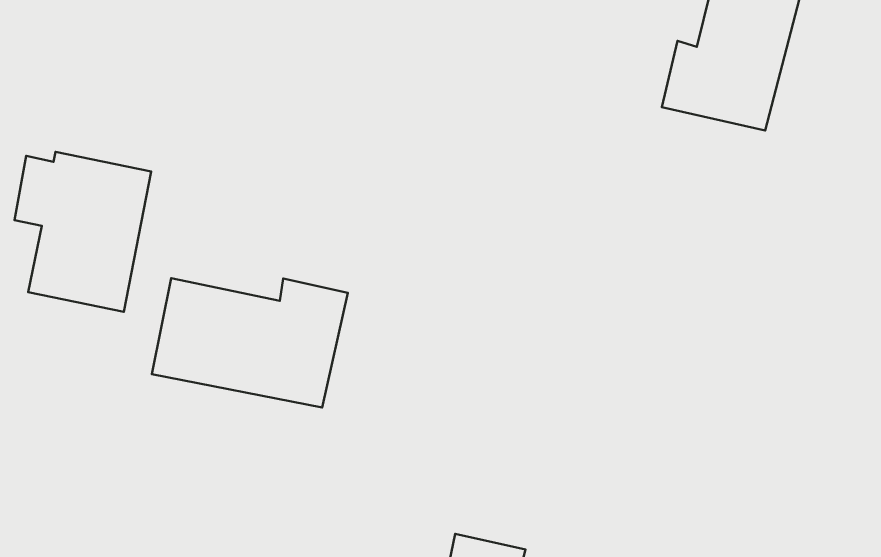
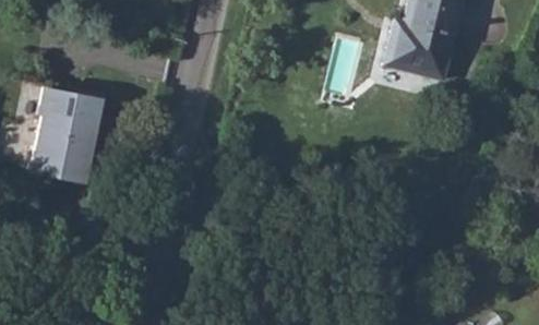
building: [152,278,348,407] -> none

